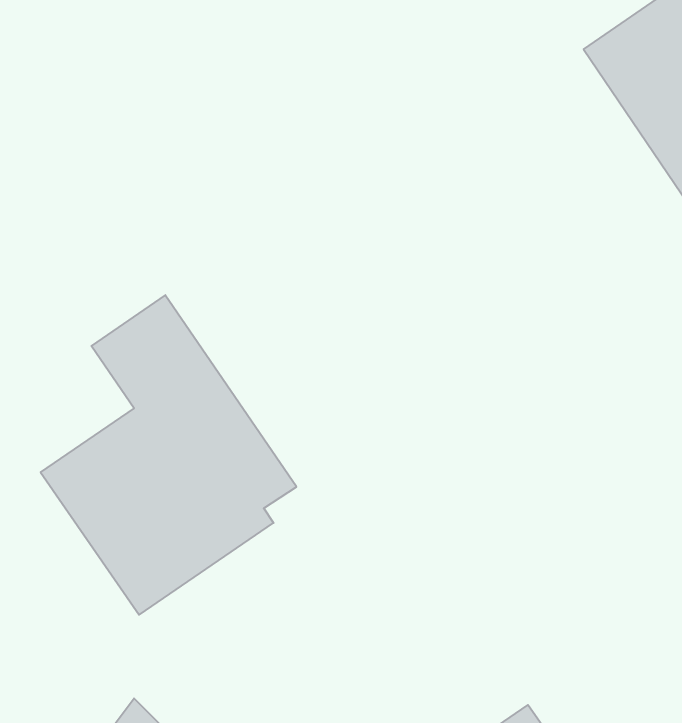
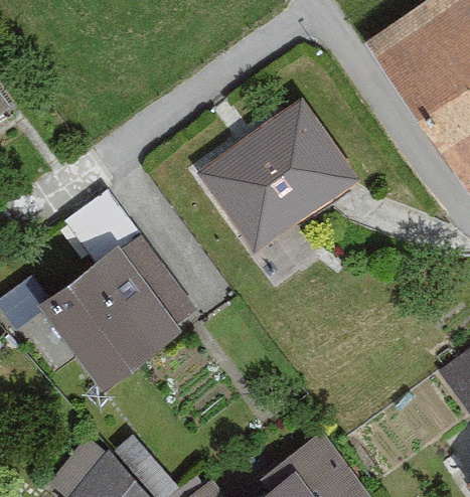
building: none -> [199,102,354,250]

